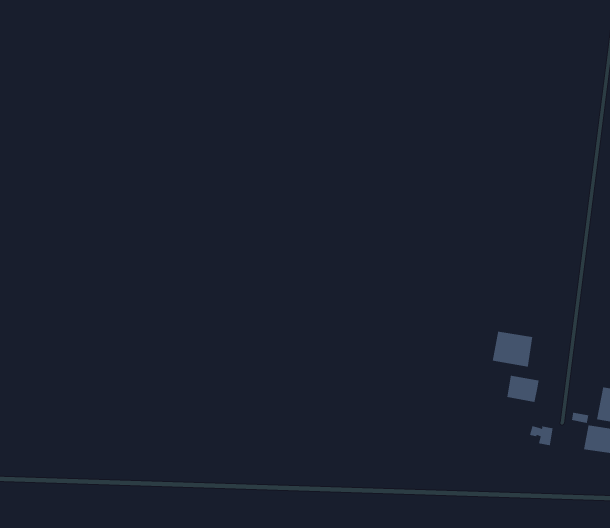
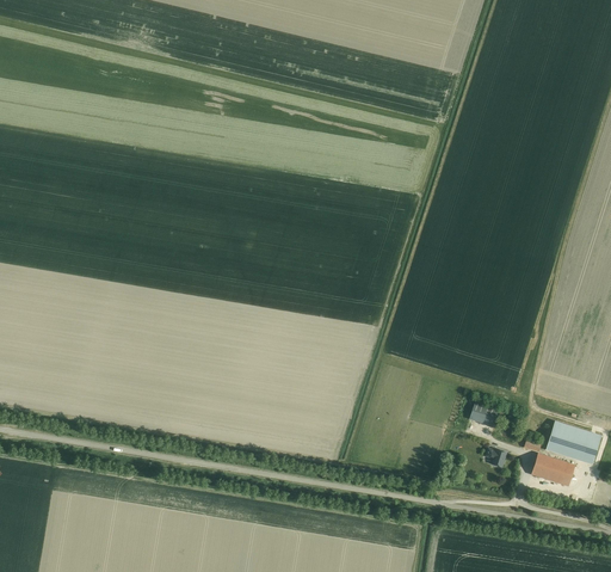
building: [492,331,533,367] -> none

